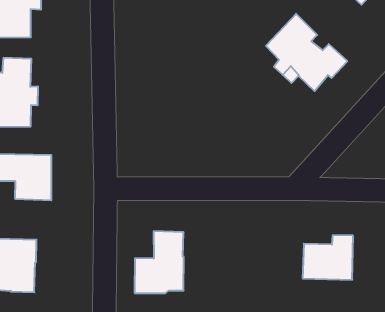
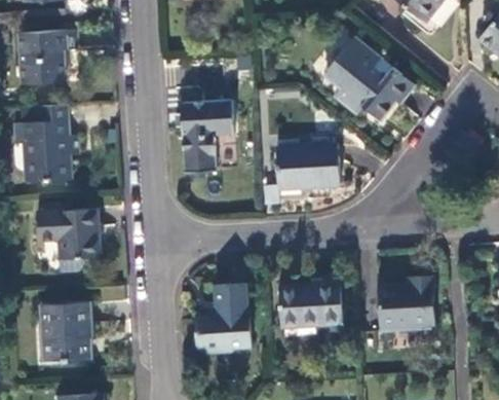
building: none -> [180,101,233,173]
building: none -> [276,145,340,190]
building: none -> [279,279,343,327]

